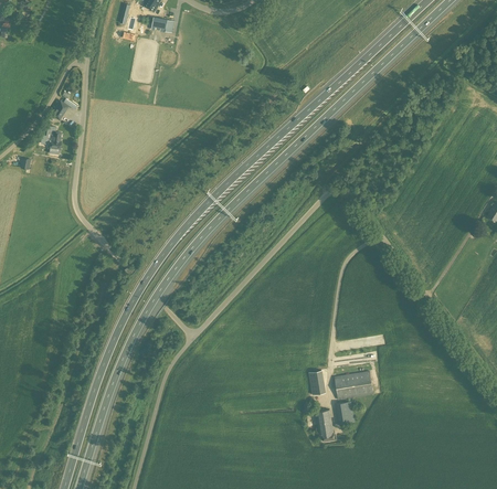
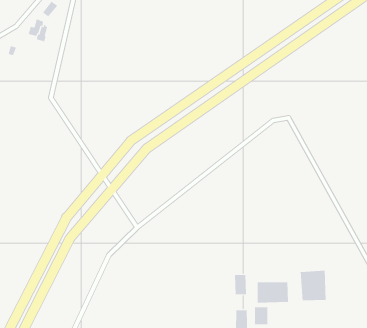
building: none -> [300,270,326,301]

